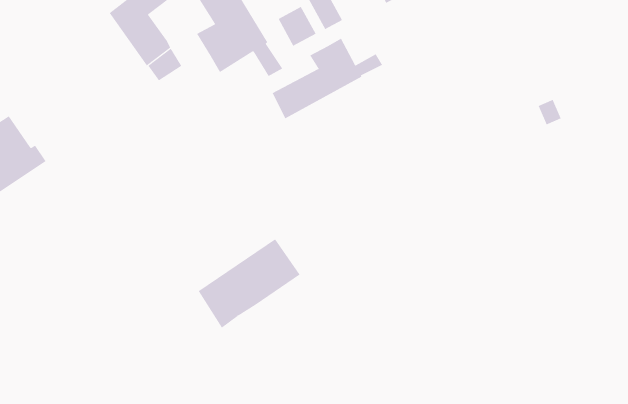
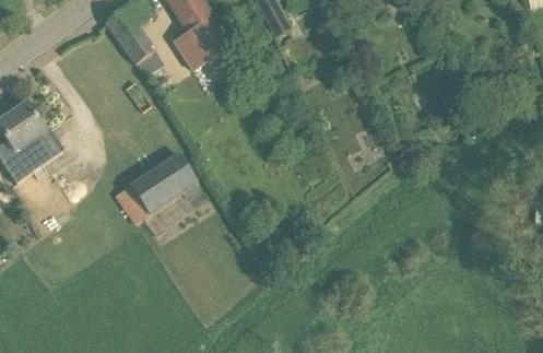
building: [272,38,383,119] -> none
building: [198,239,300,329] -> [116,152,197,223]

